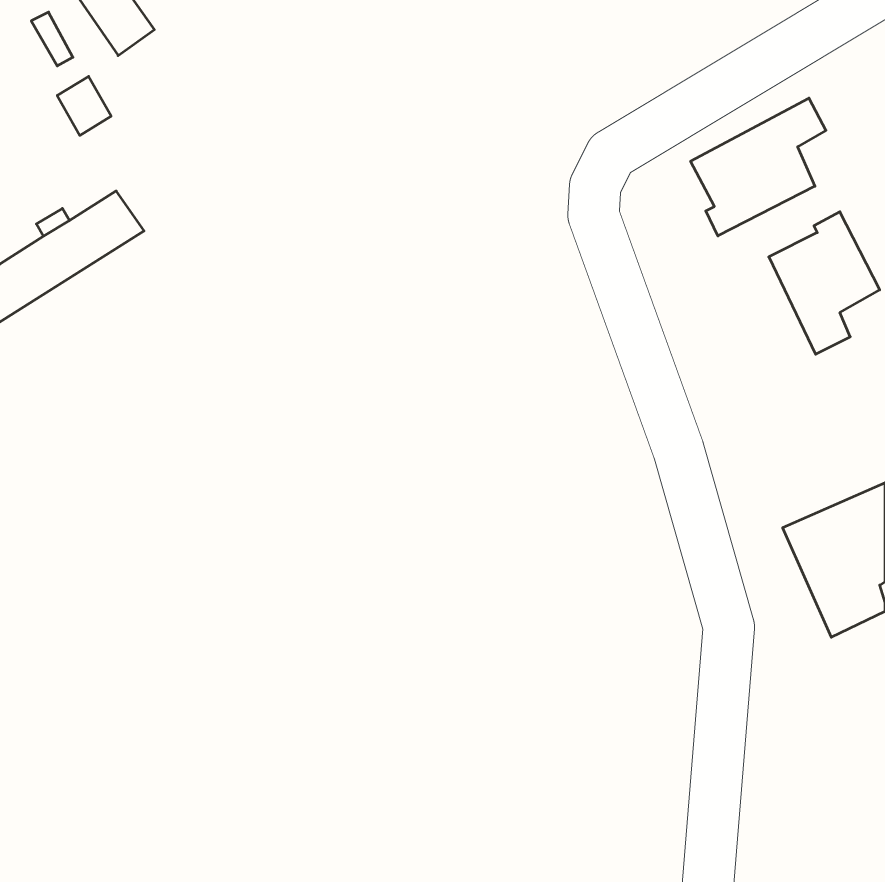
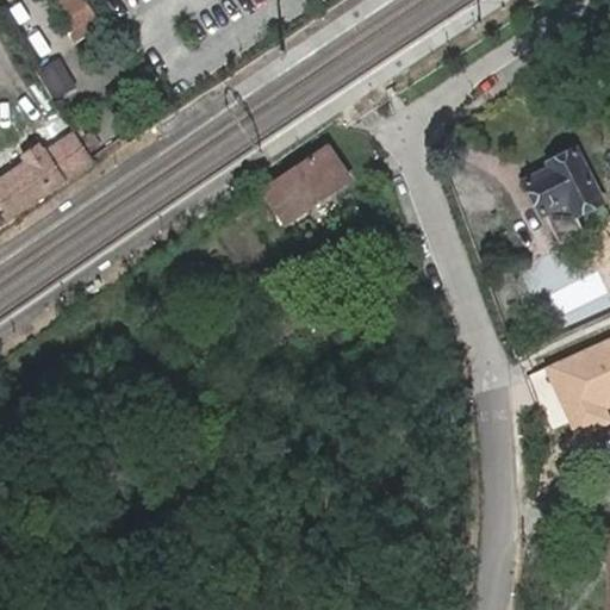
building: [691,98,826,236] -> none
building: none -> [272,147,348,217]

